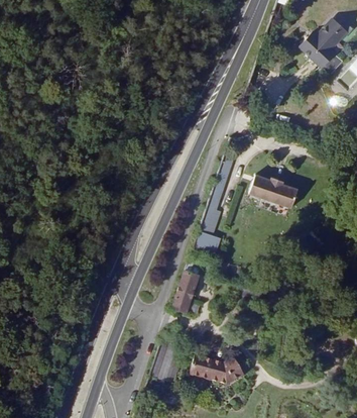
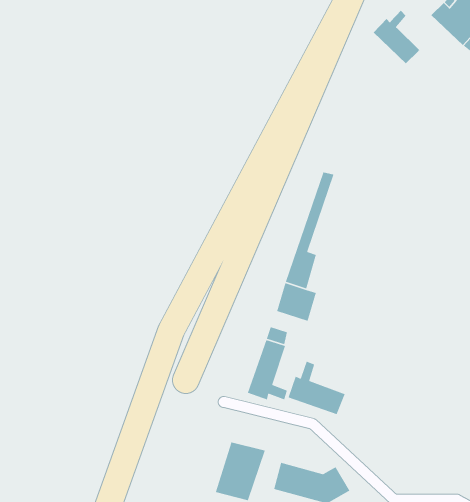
building: none -> [373,10,420,64]
building: [250,175,299,208] -> none
building: none -> [288,360,346,415]

